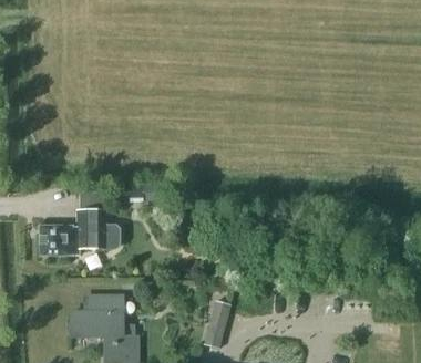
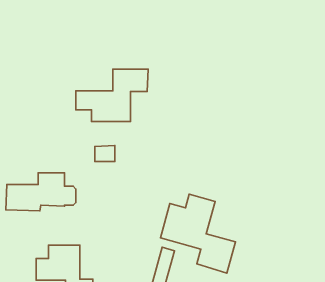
building: none -> [76,69,148,121]
building: none -> [160,194,235,273]

